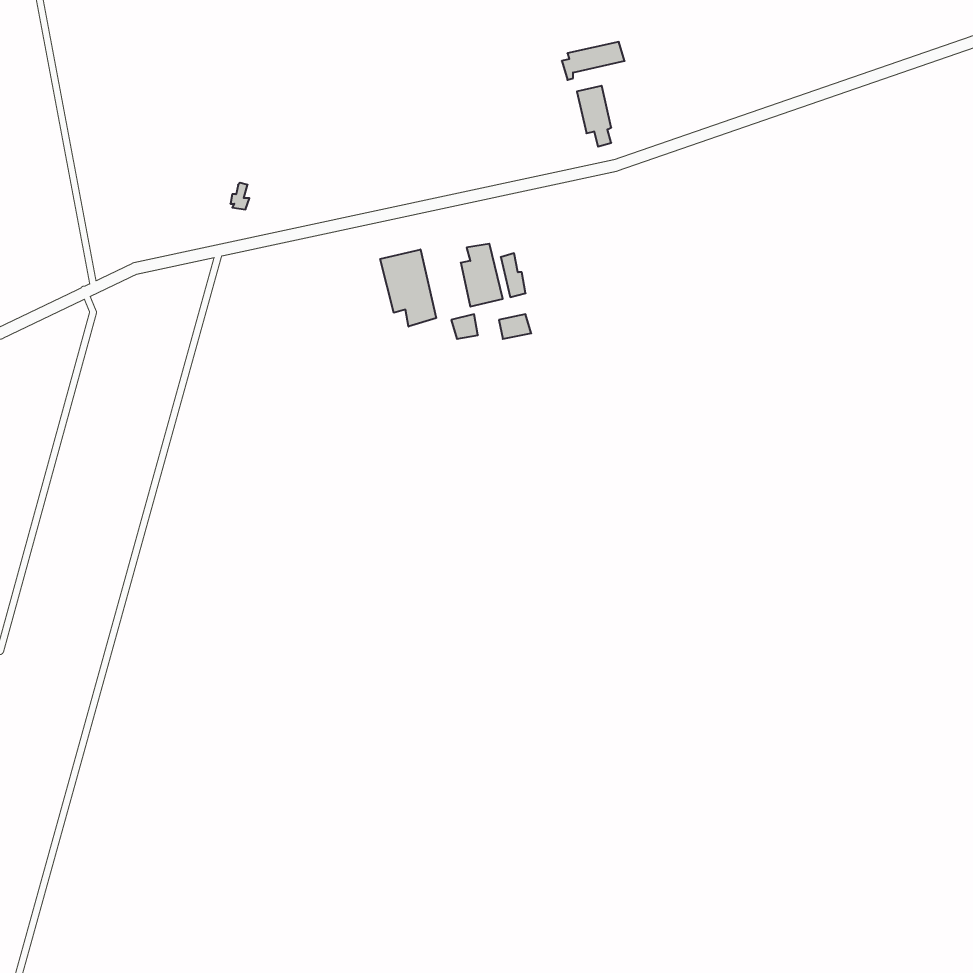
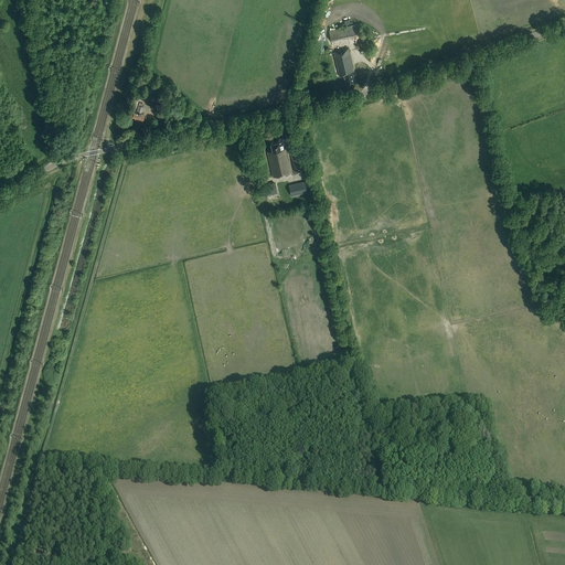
building: [380,249,436,327] -> none

